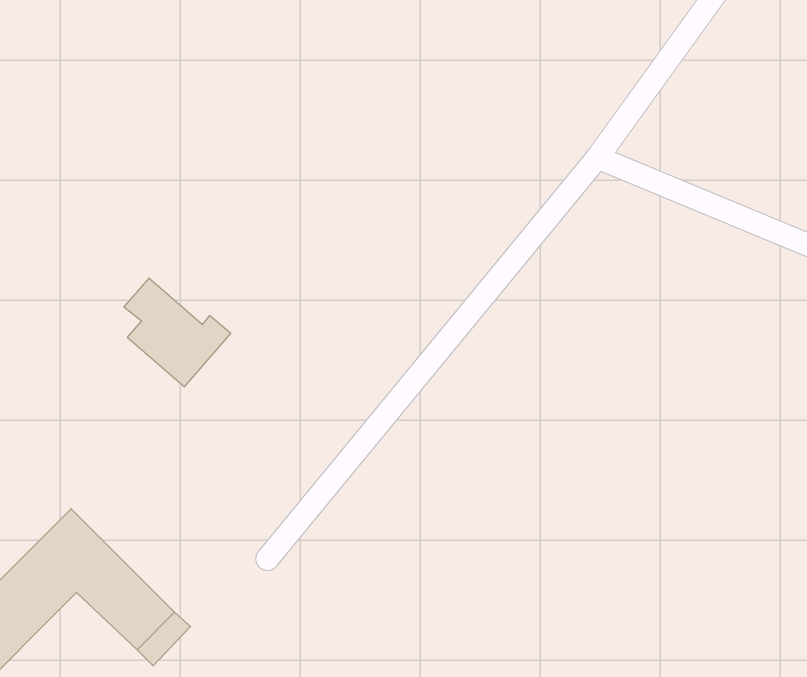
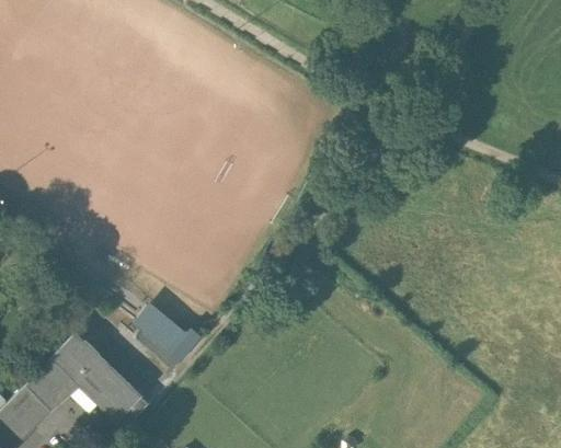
building: [124,278,231,387] -> [136,307,202,374]

